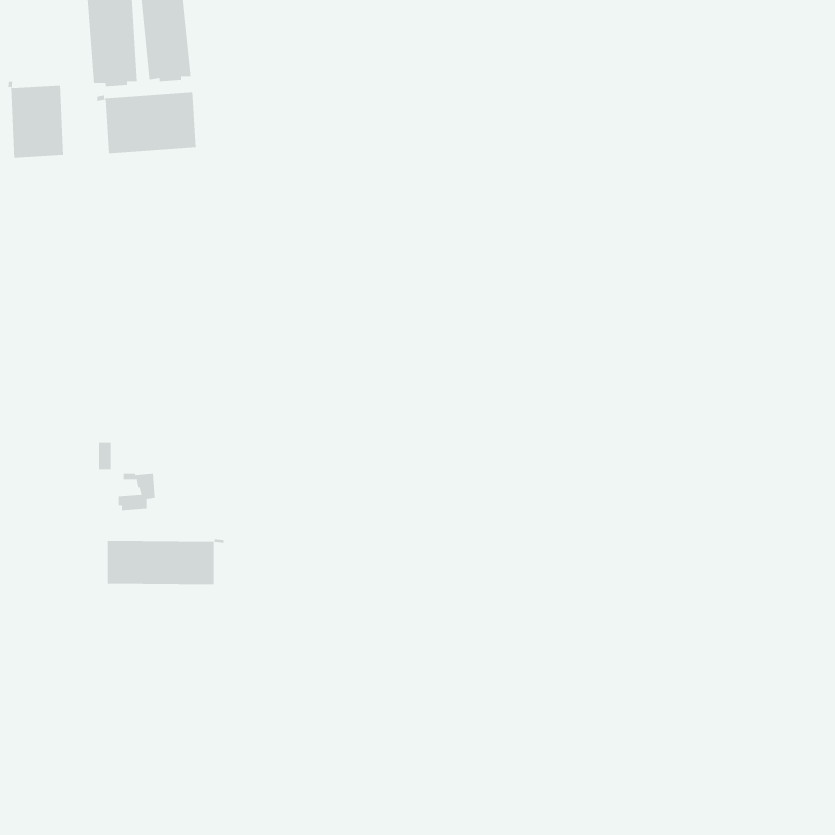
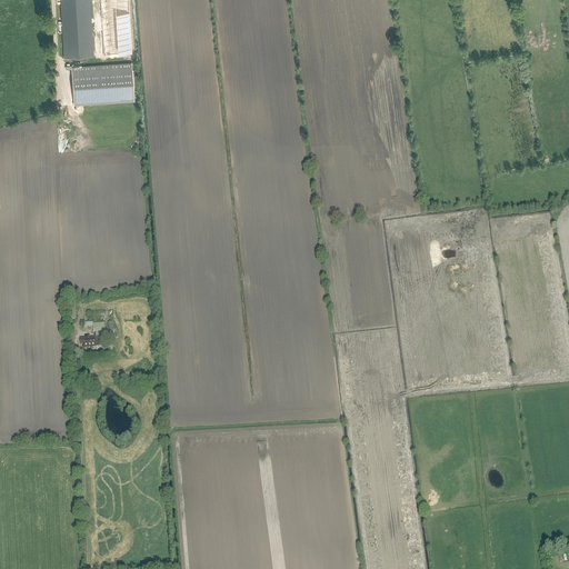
building: [8,81,64,158] -> none
building: [107,539,224,585] -> none

